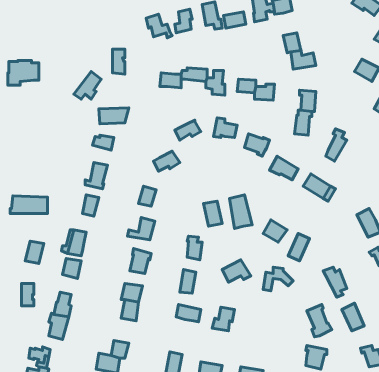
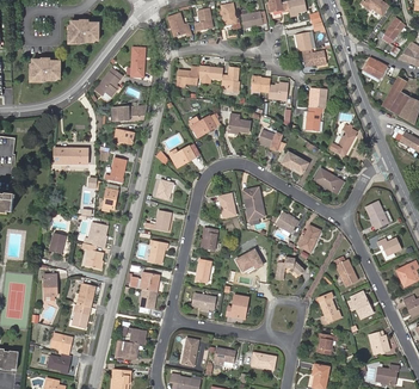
building: none -> [68,19,99,42]
building: [10,196,48,213] -> [53,147,88,163]

